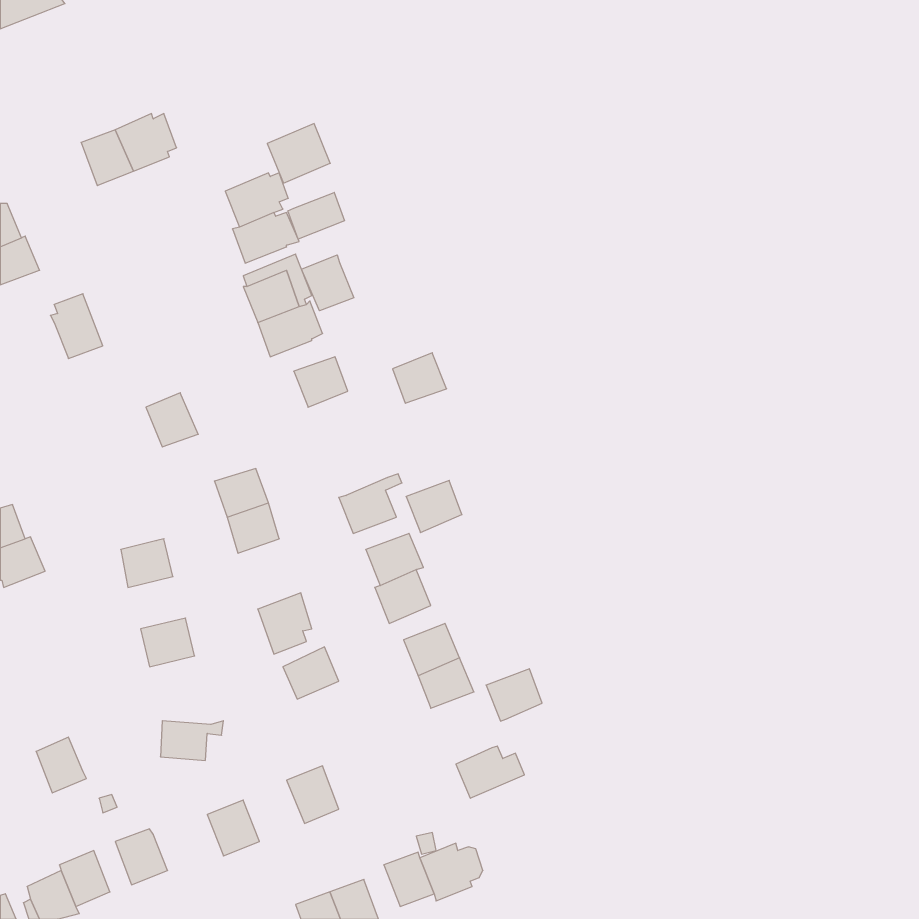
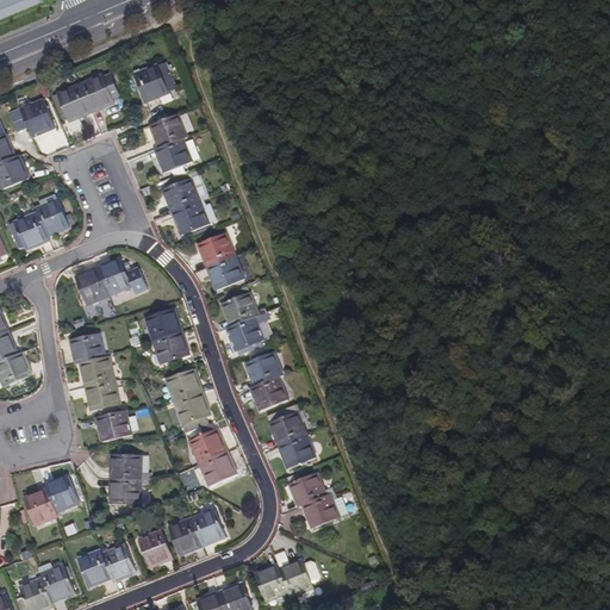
building: [267,124,330,183] -> [133,62,175,101]
building: none -> [21,99,55,136]
building: [288,192,345,239] -> none
building: [301,255,354,311] -> none
building: none -> [7,213,48,250]
building: [393,353,447,403] -> [205,259,241,292]
building: none -> [75,269,108,305]
building: [406,480,462,533] -> [220,293,257,328]
building: none -> [70,335,105,365]
building: none -> [163,369,200,403]
building: none -> [86,381,120,411]
building: [486,669,542,721] -> [290,472,326,506]
building: none -> [198,450,236,485]
building: none -> [108,452,149,479]
building: none -> [45,474,79,510]
building: none -> [168,516,203,554]
building: none -> [102,543,136,580]

